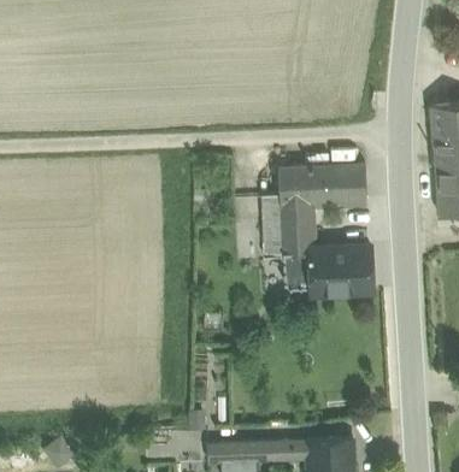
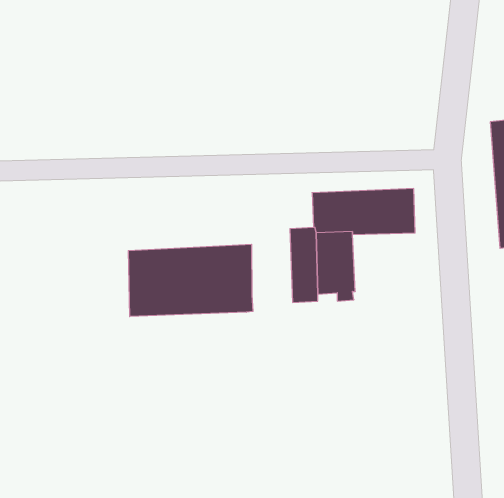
building: none -> [128,244,253,317]
building: [292,252,370,294] -> none

